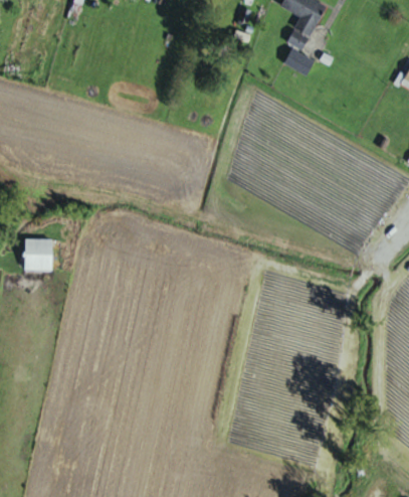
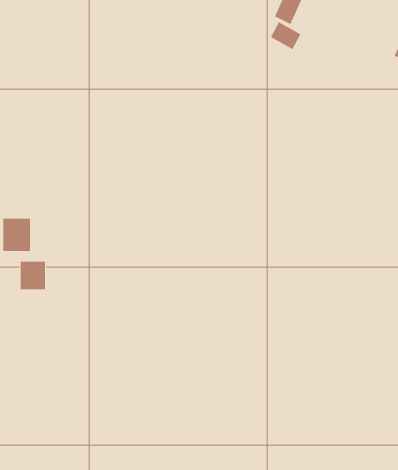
building: none -> [20,261,46,290]

